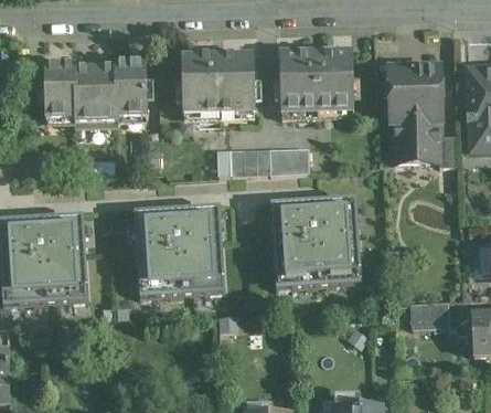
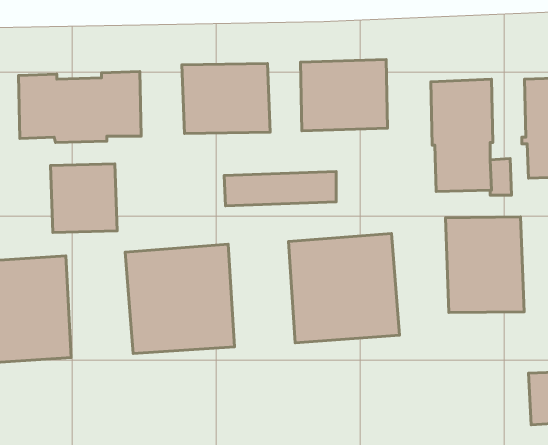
building: none -> [51,164,117,233]
building: none -> [446,217,524,313]
building: [412,299,450,326] -> none

